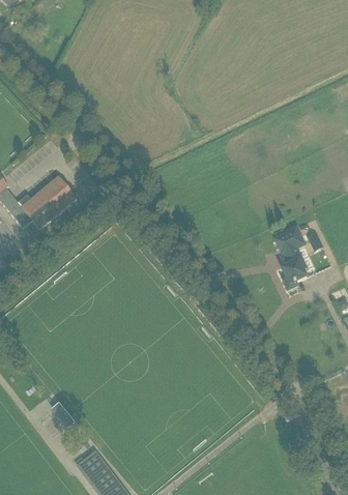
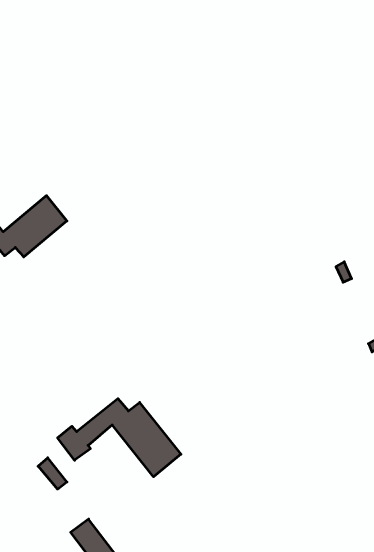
building: [273,225,307,289] -> none
building: none -> [58,399,181,477]

